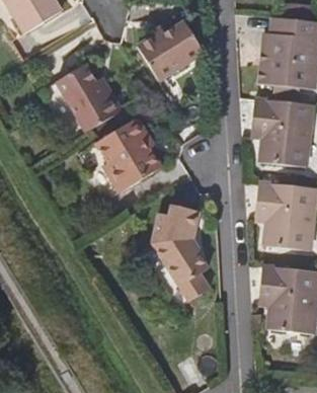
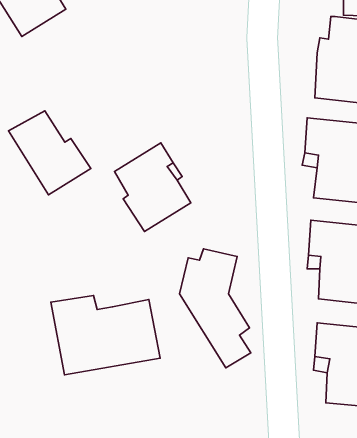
building: [137,19,204,79] -> none
building: [57,63,124,131] -> [8,111,91,195]
building: none -> [51,296,160,375]

